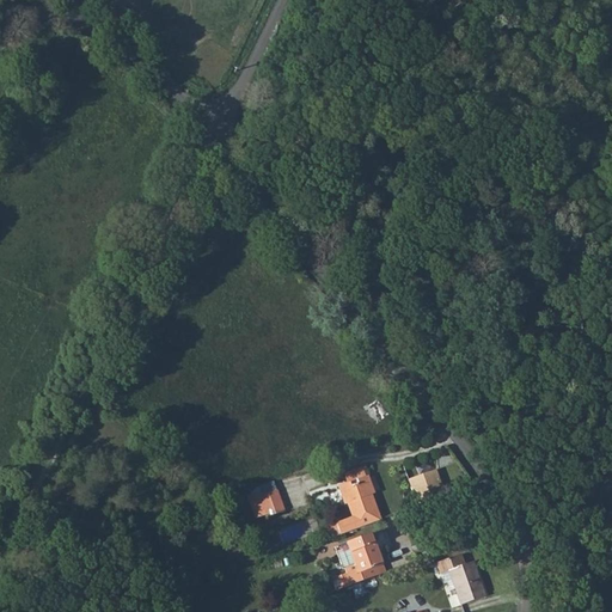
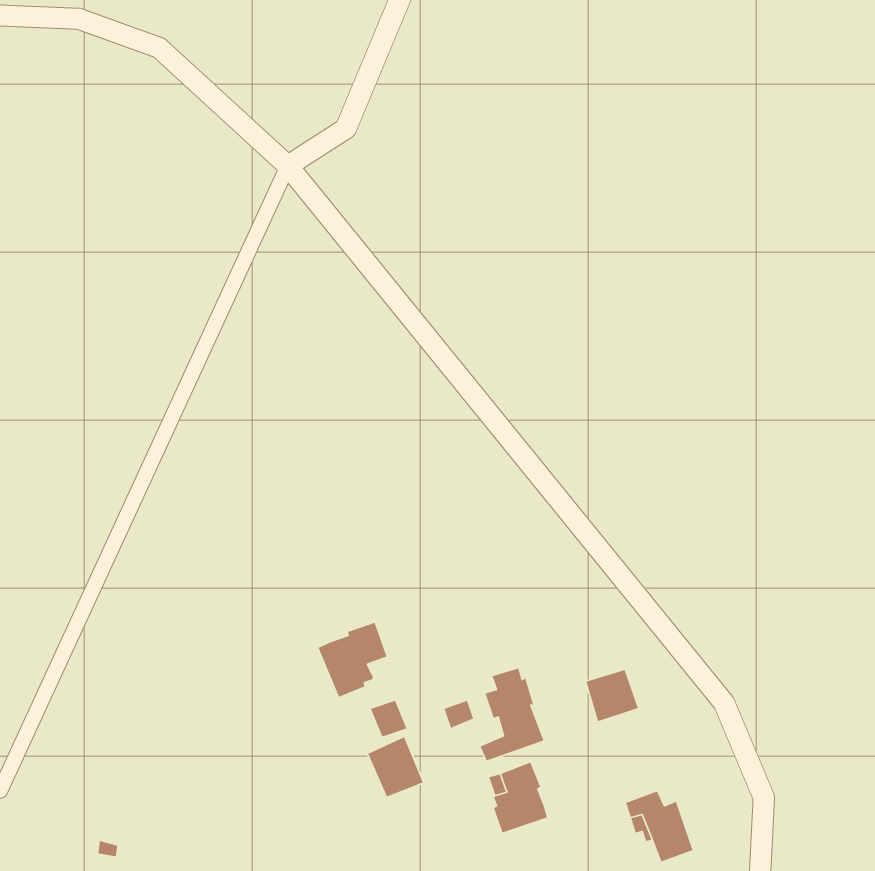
building: none -> [318,622,388,698]
building: none -> [367,736,424,798]

